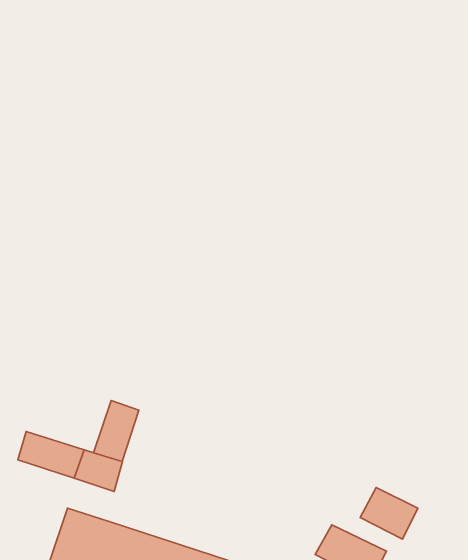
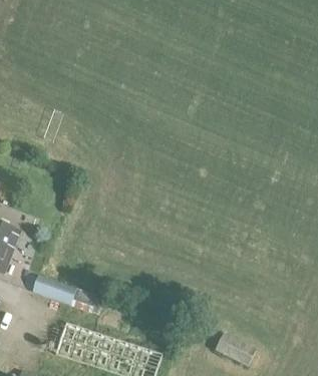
building: [94,401,139,461] -> none
building: [360,487,418,539] -> none

